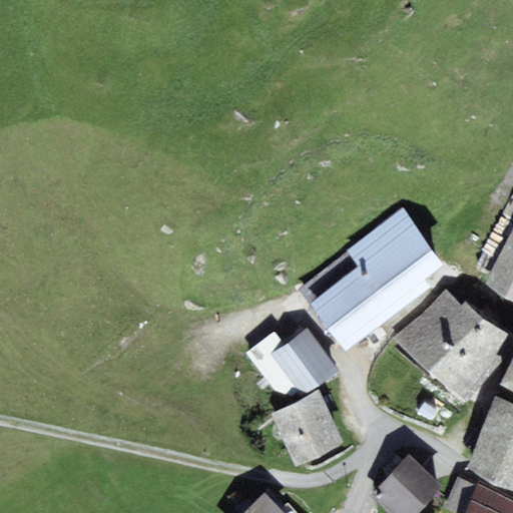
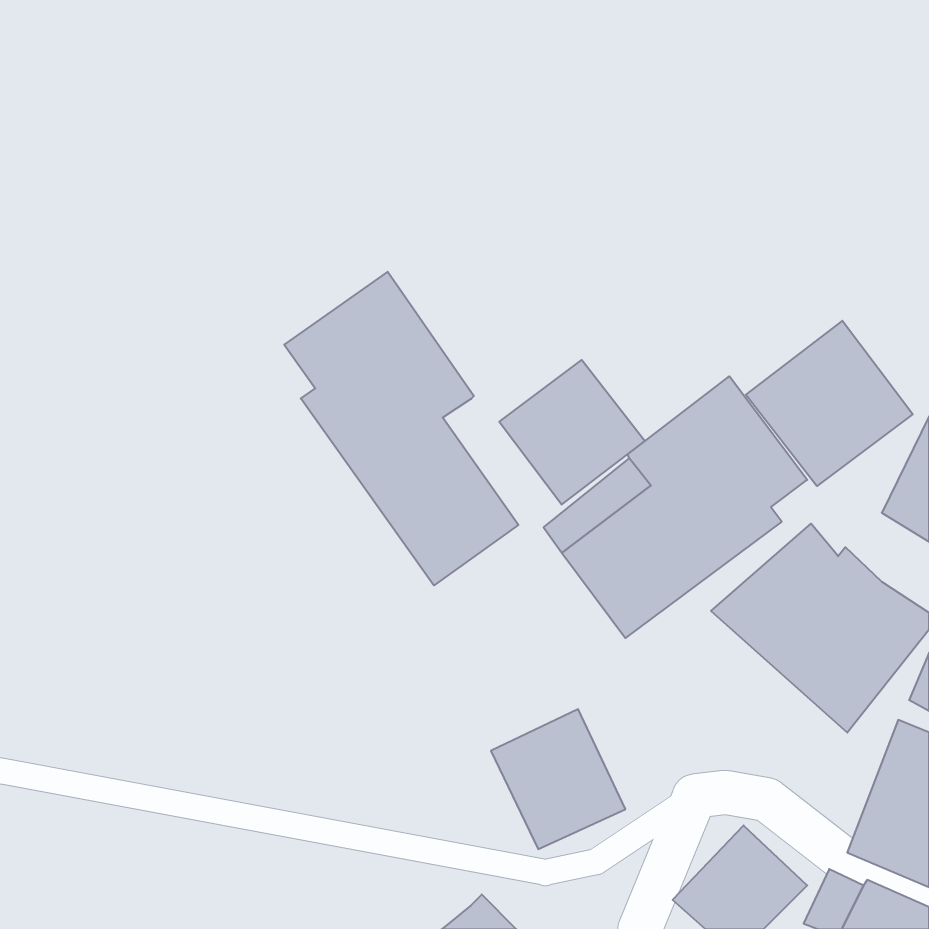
building: none -> [284,272,518,585]
building: none -> [746,321,913,486]
building: none -> [499,360,645,505]
building: [245,328,339,397] -> none

